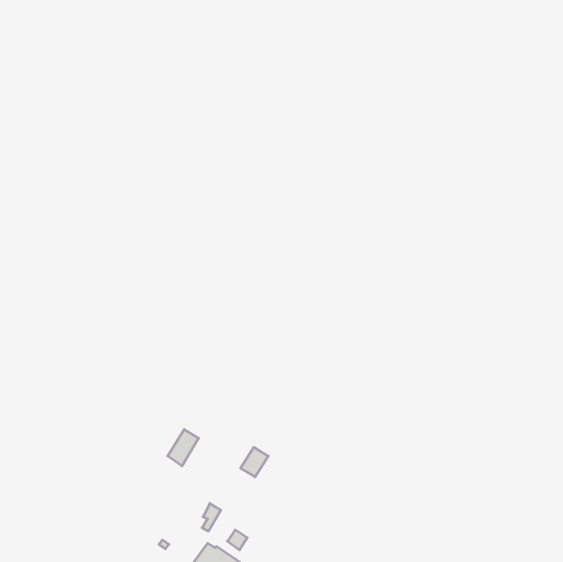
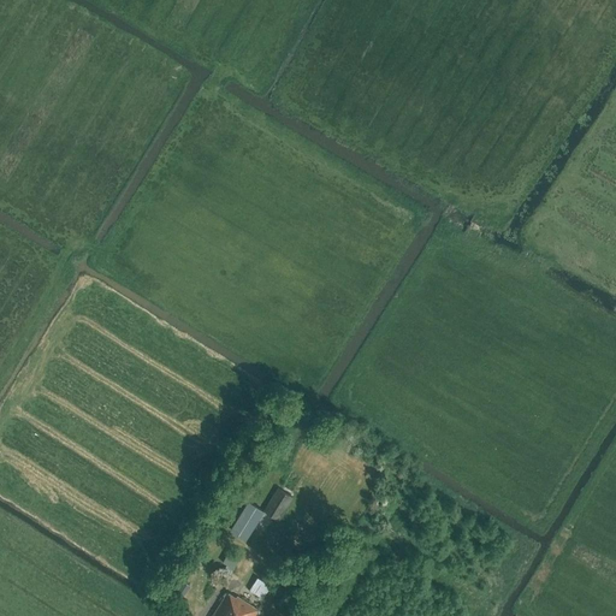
building: [168,429,199,466] -> [230,503,263,543]

